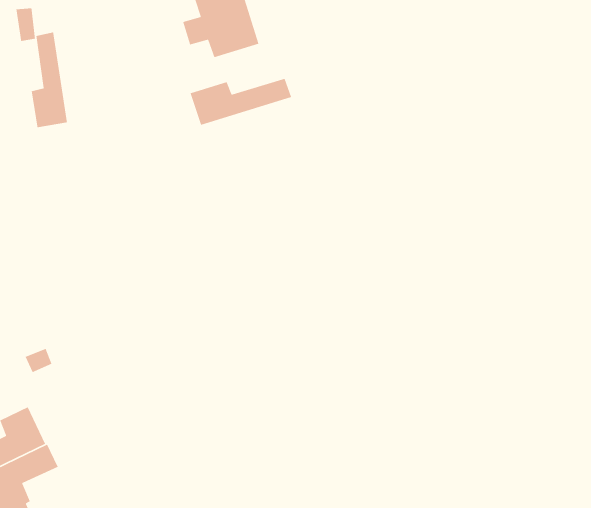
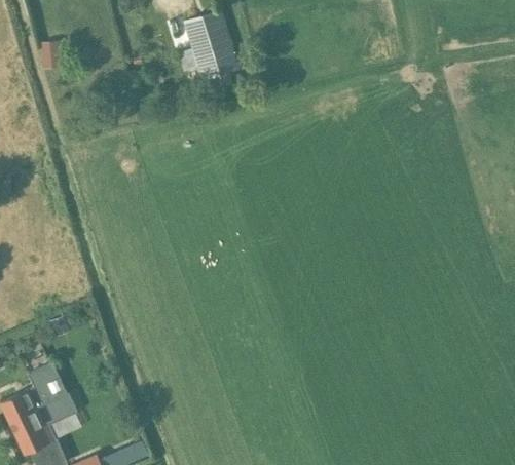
building: [31,32,68,128] -> none
building: [189,78,292,126] -> none

